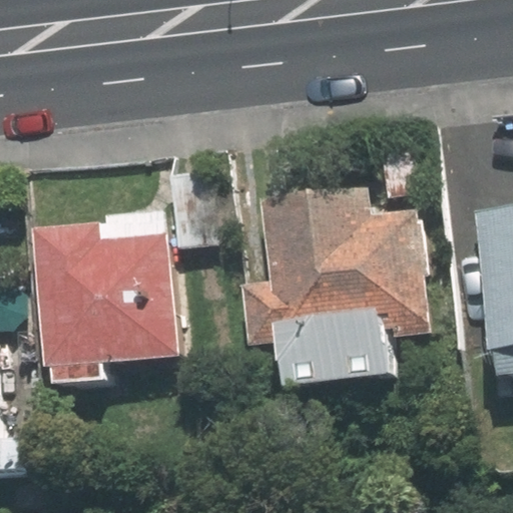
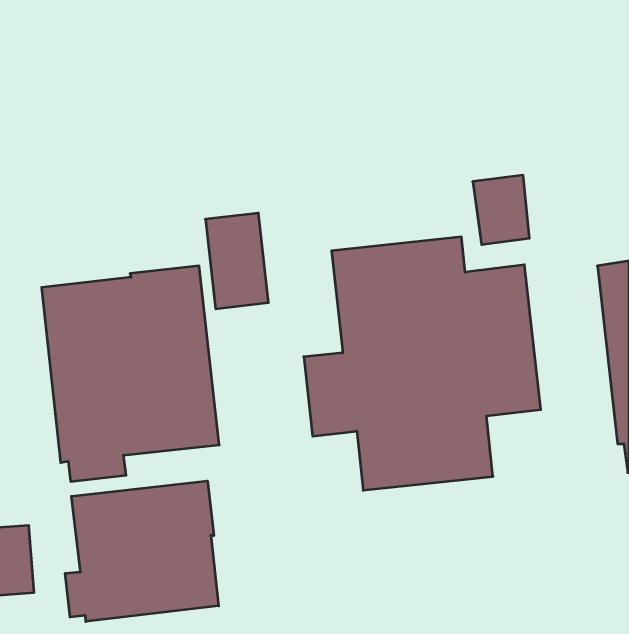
building: none -> [65,481,219,622]

